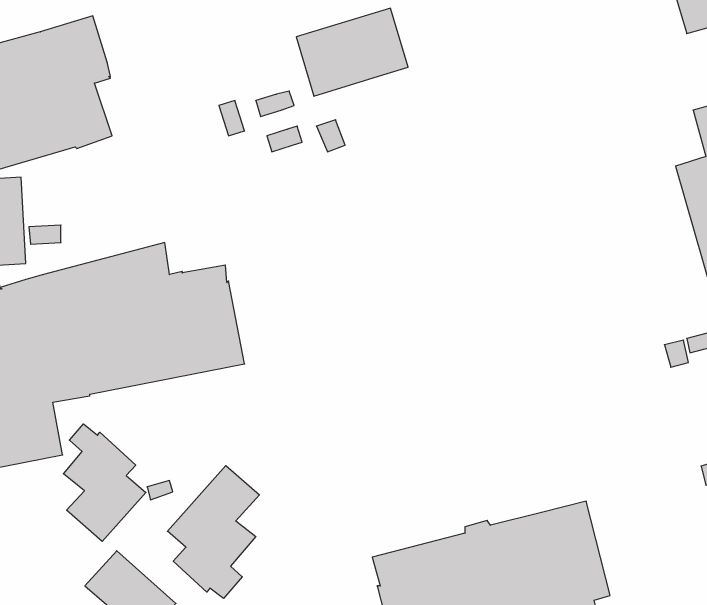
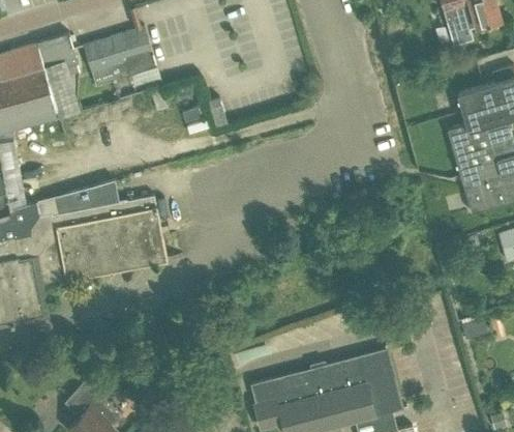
building: [296,8,408,96] -> [84,29,156,86]
building: [63,424,146,541] -> none
building: [167,466,259,598] -> none

